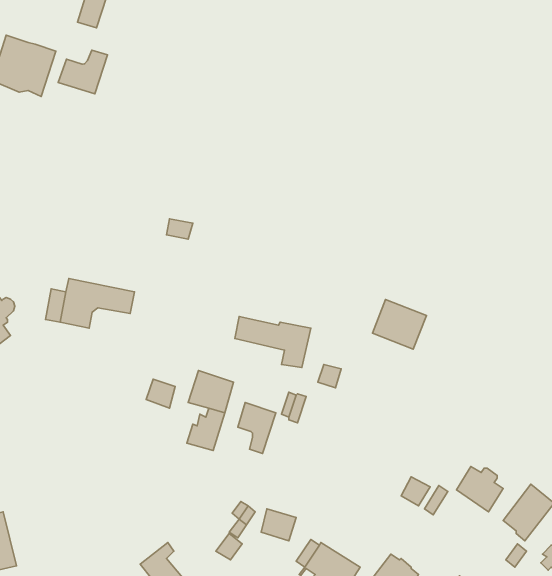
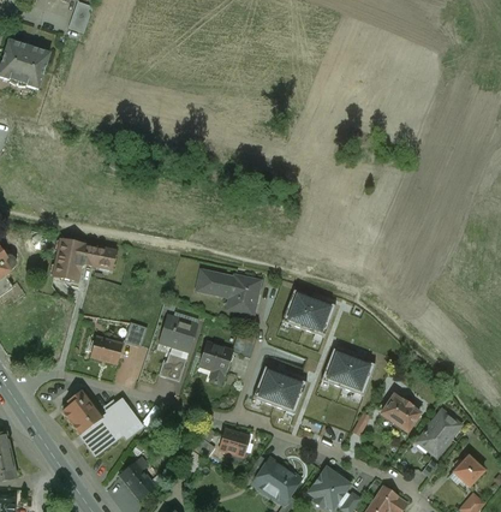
building: [58,50,107,94] -> none
building: [372,300,426,349] -> [287,292,332,333]
building: none -> [91,337,123,363]
building: none -> [327,352,370,392]
building: none -> [260,370,302,410]
building: none -> [62,389,143,454]

